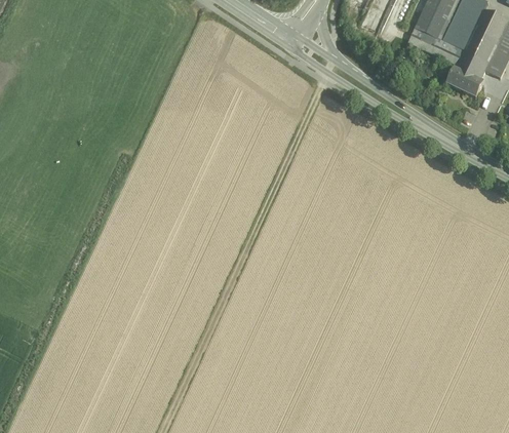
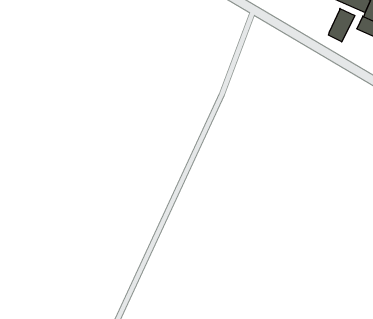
building: none -> [328,8,355,42]

